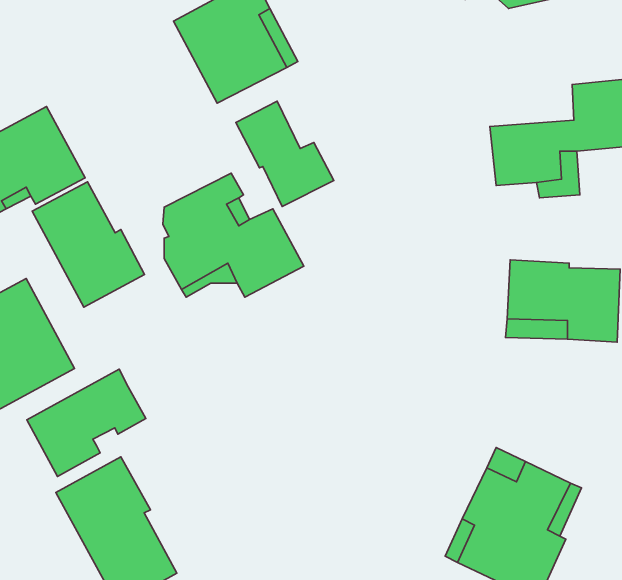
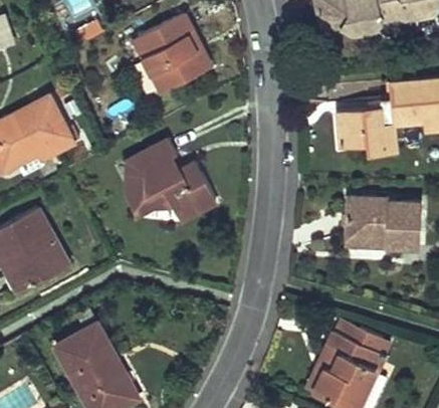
building: [236,101,334,206] -> none
building: [32,182,144,307] -> none
building: [27,369,146,476] -> none

